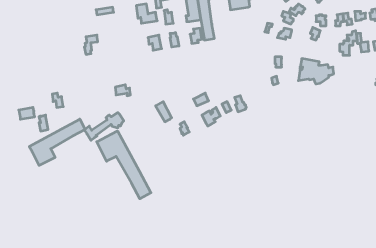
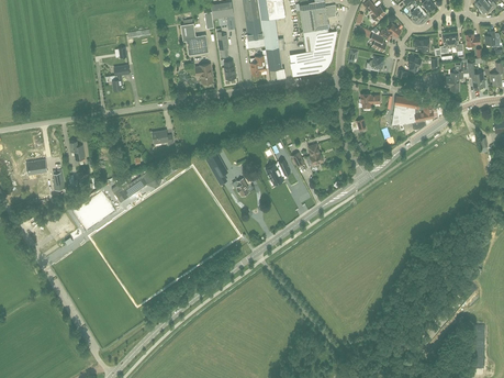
building: none -> [290,29,335,75]
building: [29,119,85,165] -> none
building: [97,131,151,199] -> none

